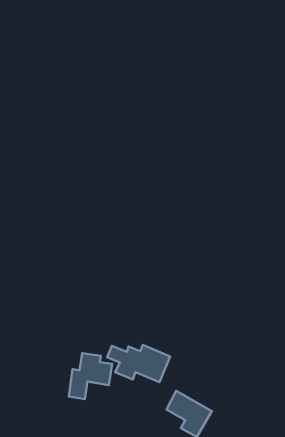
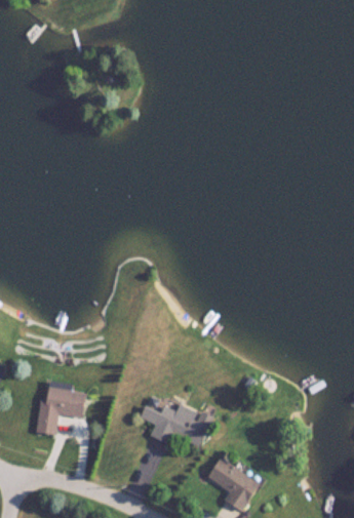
building: [69,353,112,399] -> [35,383,85,436]

